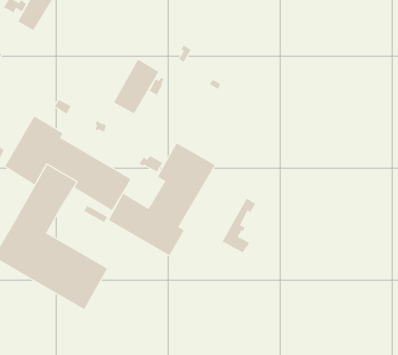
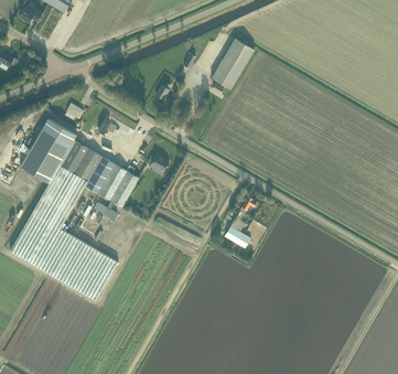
building: [113,59,159,114] -> [211,35,254,87]
building: [108,142,215,256] -> none

